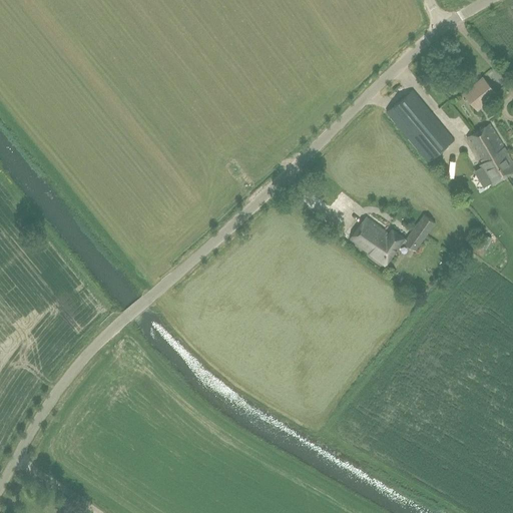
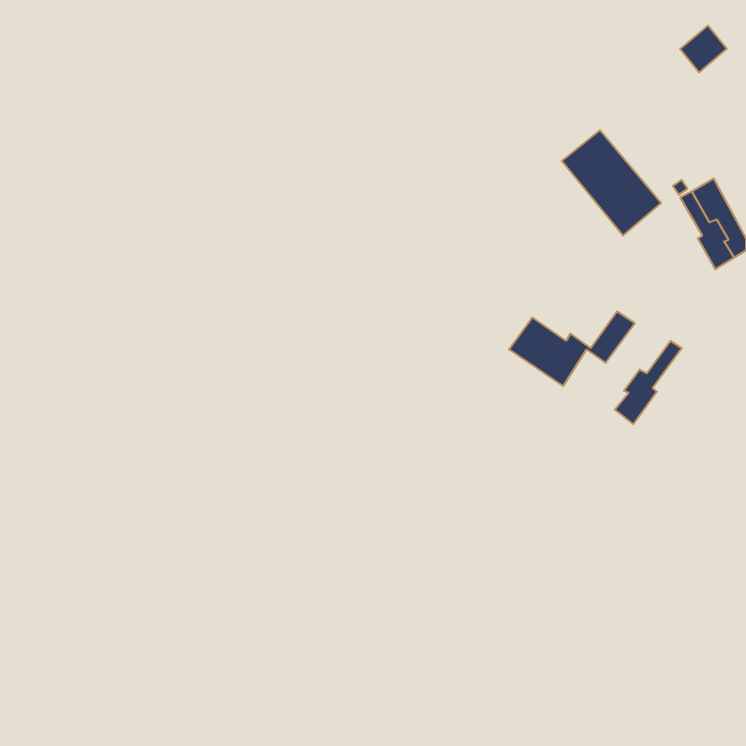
building: [463,76,495,108] -> [680,26,727,72]
building: none -> [615,341,682,424]

